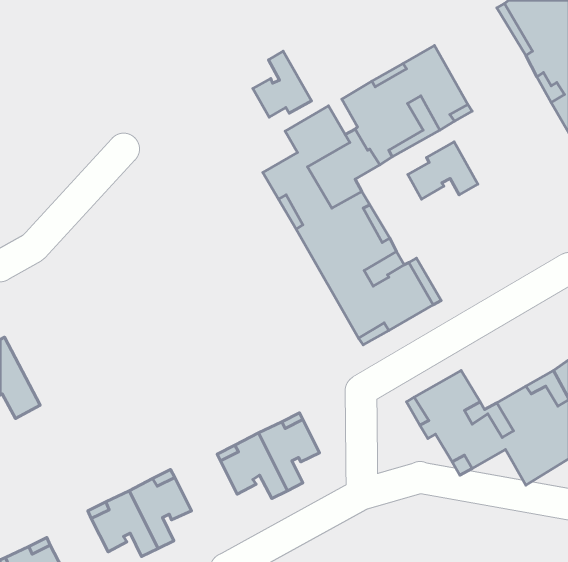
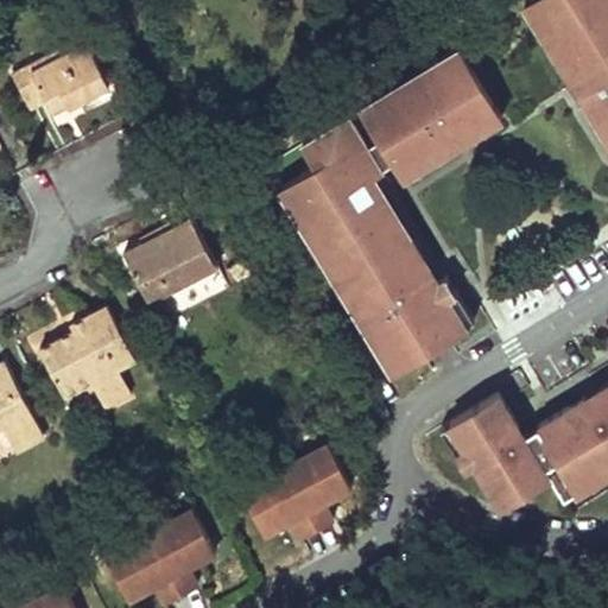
building: none -> [14,40,110,118]
building: [253,51,312,117] -> none
building: [408,142,478,199] -> none
building: none -> [125,221,218,305]
building: none -> [43,311,137,411]

